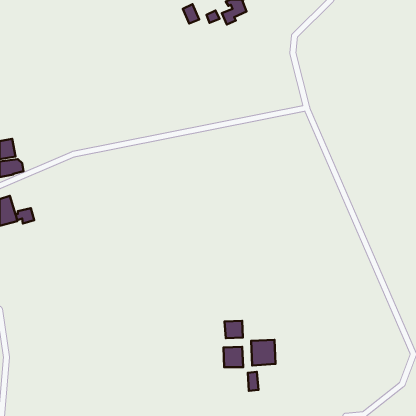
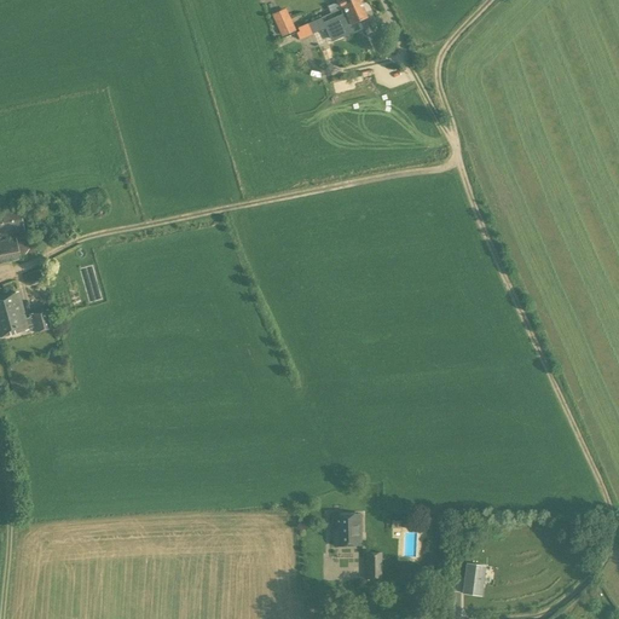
building: [225,321,243,338] -> none
building: [251,340,275,366] -> none
building: none -> [462,562,485,595]

